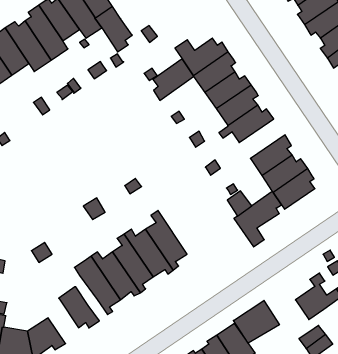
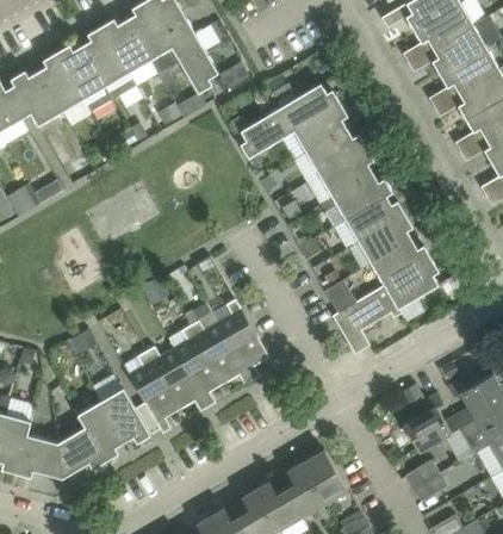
building: none -> [346,195,405,241]
building: none -> [77,403,124,461]
building: [233,300,279,343] -> none

